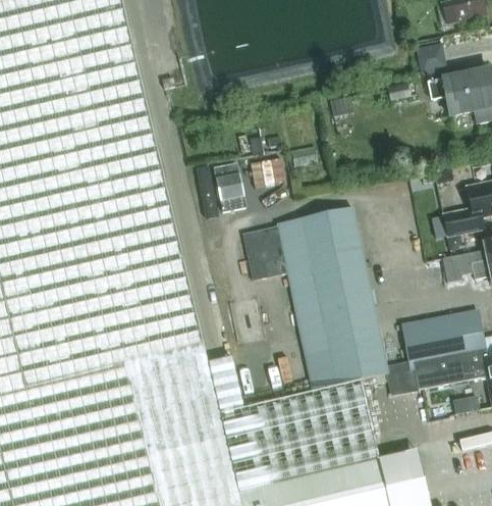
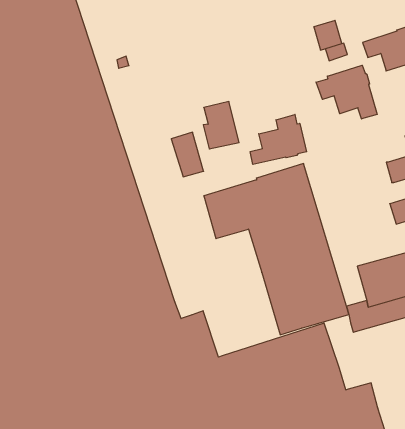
building: [417,45,445,75] -> [314,20,342,50]
building: none -> [316,65,377,119]
building: none -> [250,114,307,164]

